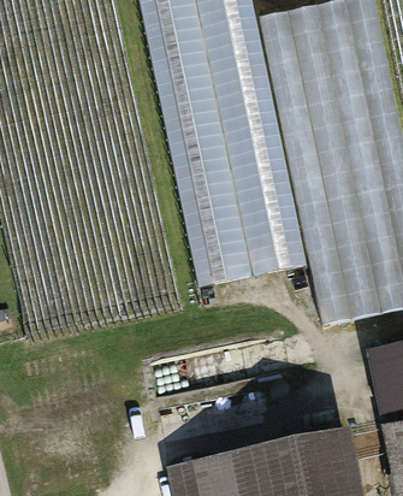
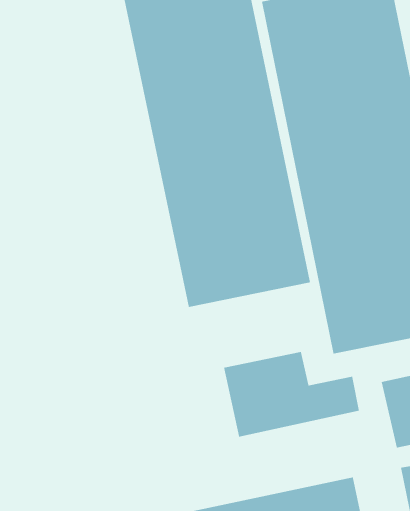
building: none -> [224,351,359,438]

